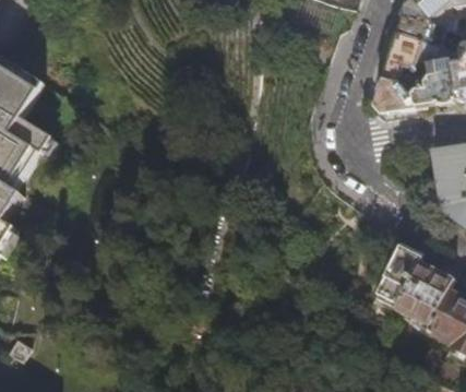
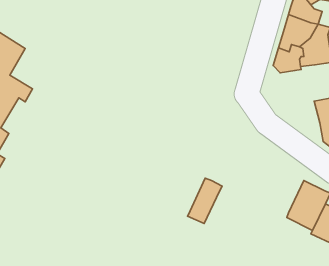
building: [374,240,421,301] -> [187,178,222,223]

